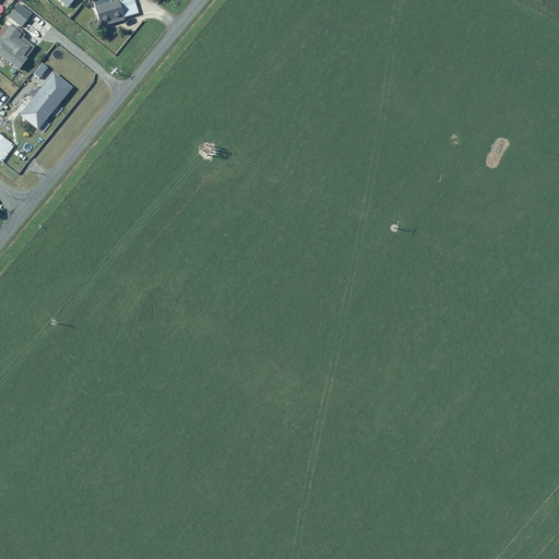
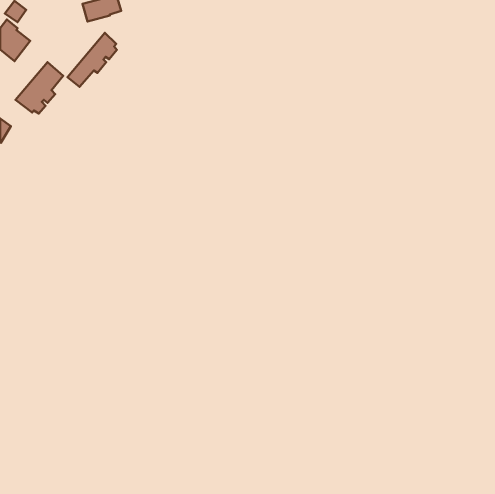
building: none -> [67,33,117,87]

